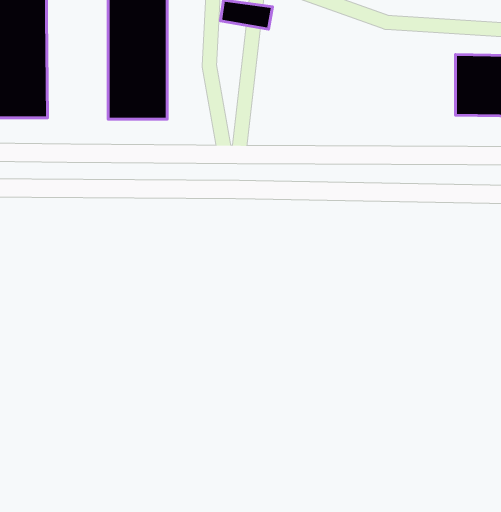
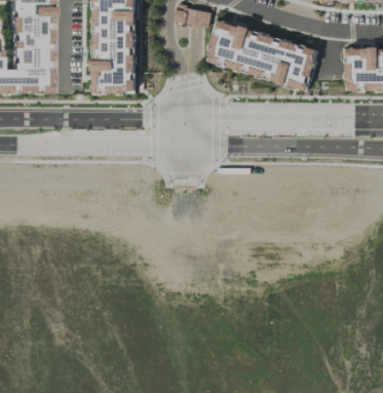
building: none -> [206,21,317,89]

